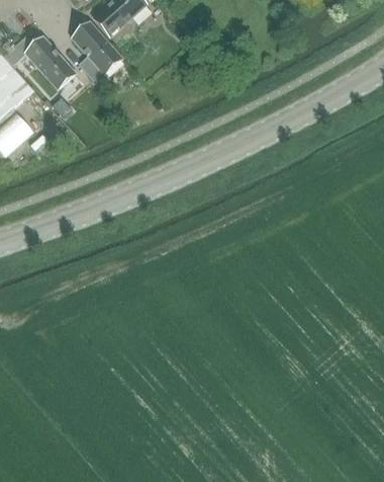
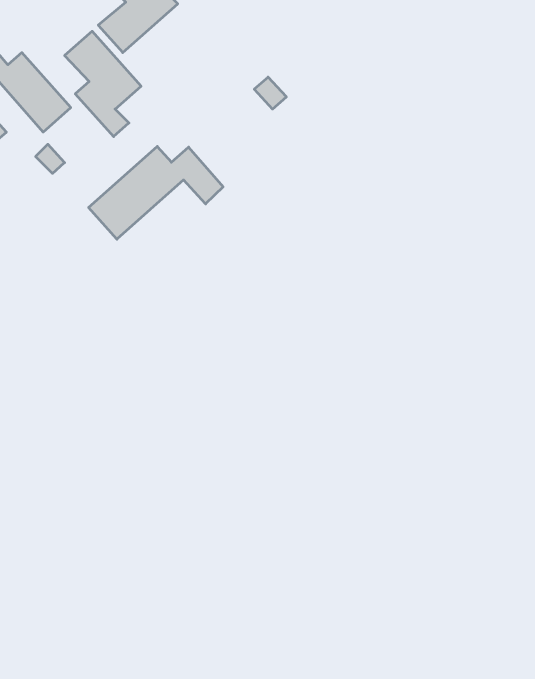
building: none -> [89,146,223,239]

